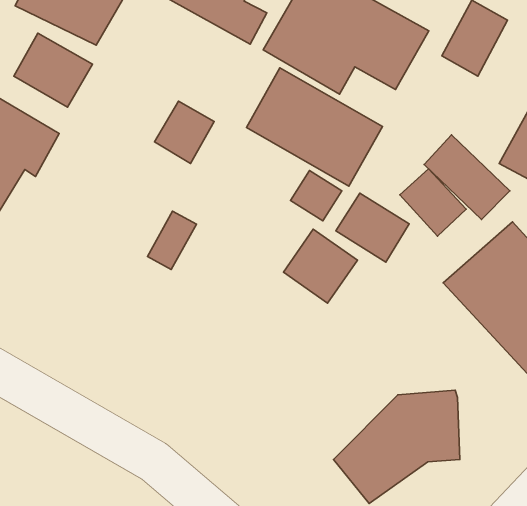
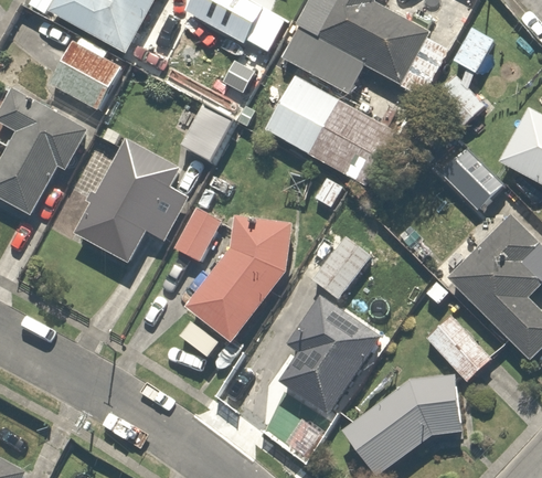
building: none -> [73,140,188,266]
building: [400,169,466,236] -> none
building: [336,193,409,262] -> none
building: none -> [185,217,293,343]
building: none -> [281,294,384,415]
building: none -> [425,309,492,379]

